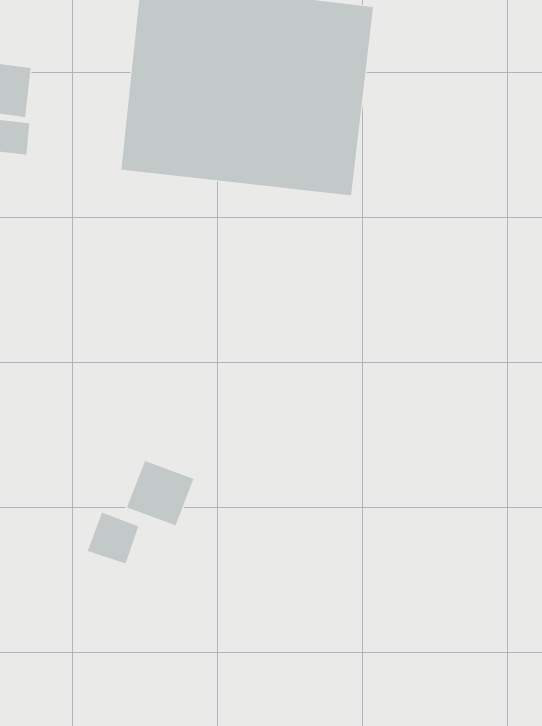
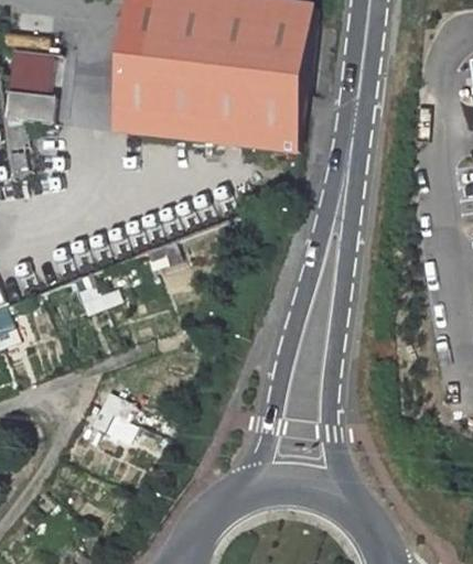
building: [126,460,194,526] -> none

